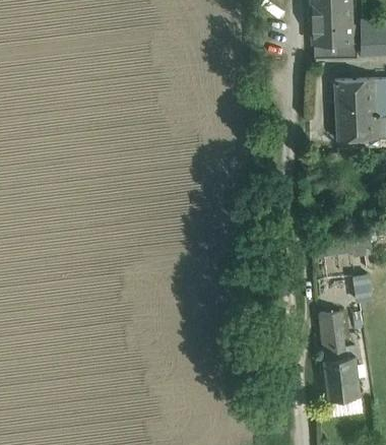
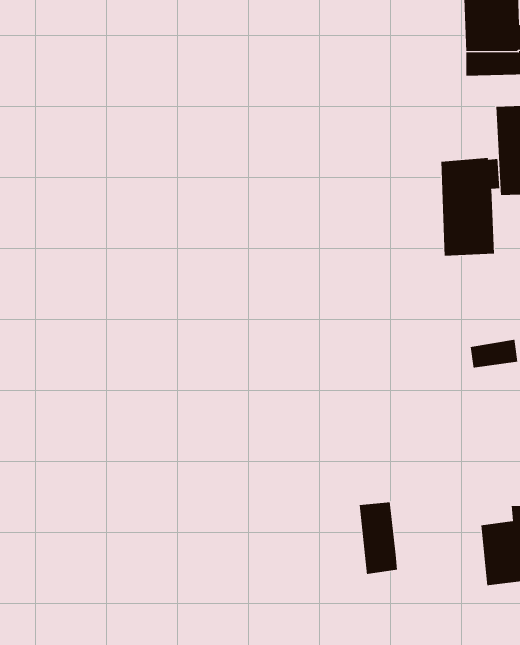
building: none -> [441,157,500,256]
building: [319,313,345,362] -> [359,502,398,574]

